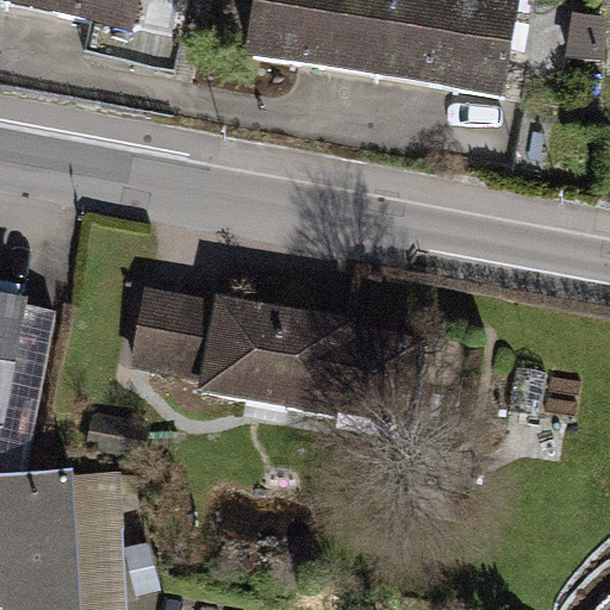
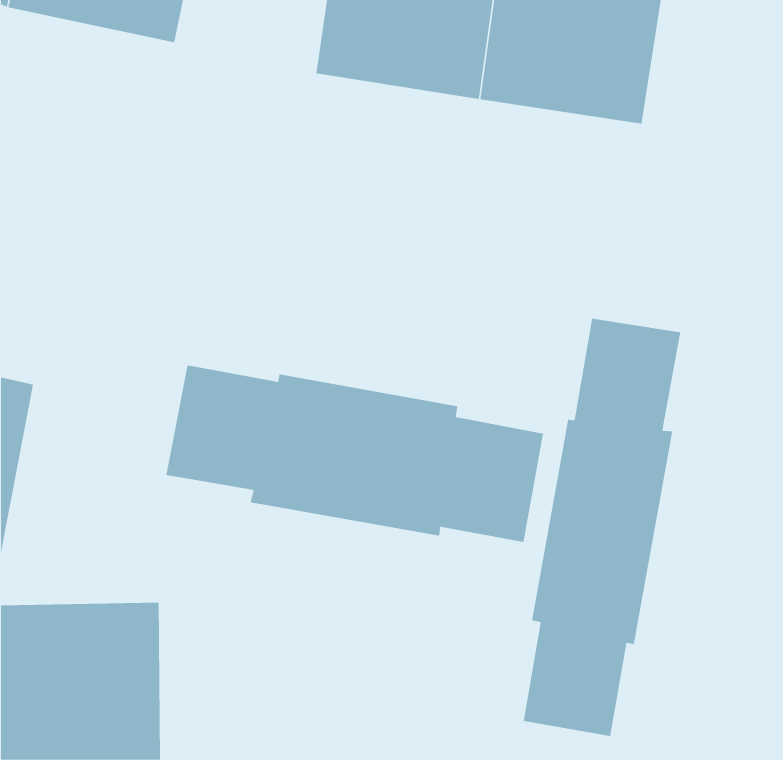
building: none -> [523,318,681,737]

